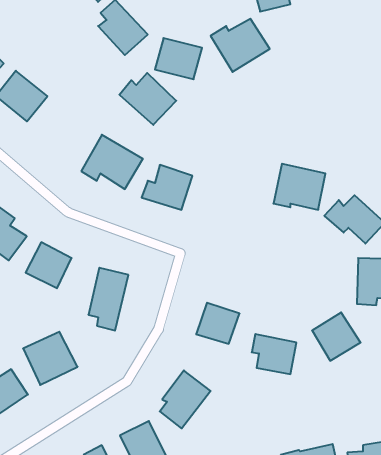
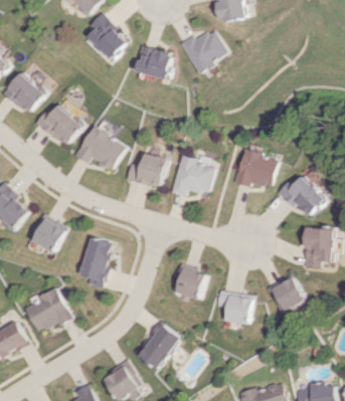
building: [119,73,176,125] -> [35,104,82,147]
building: none -> [170,155,212,196]

